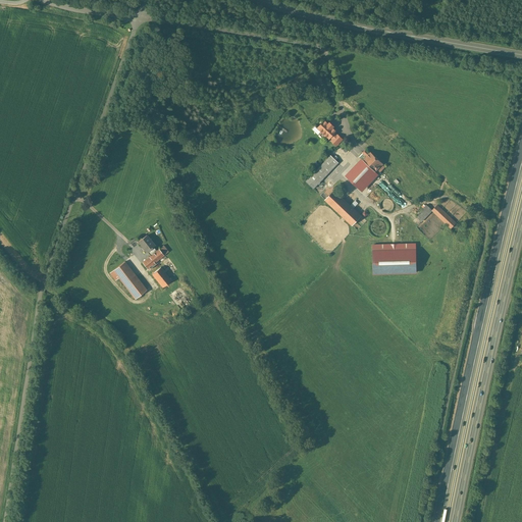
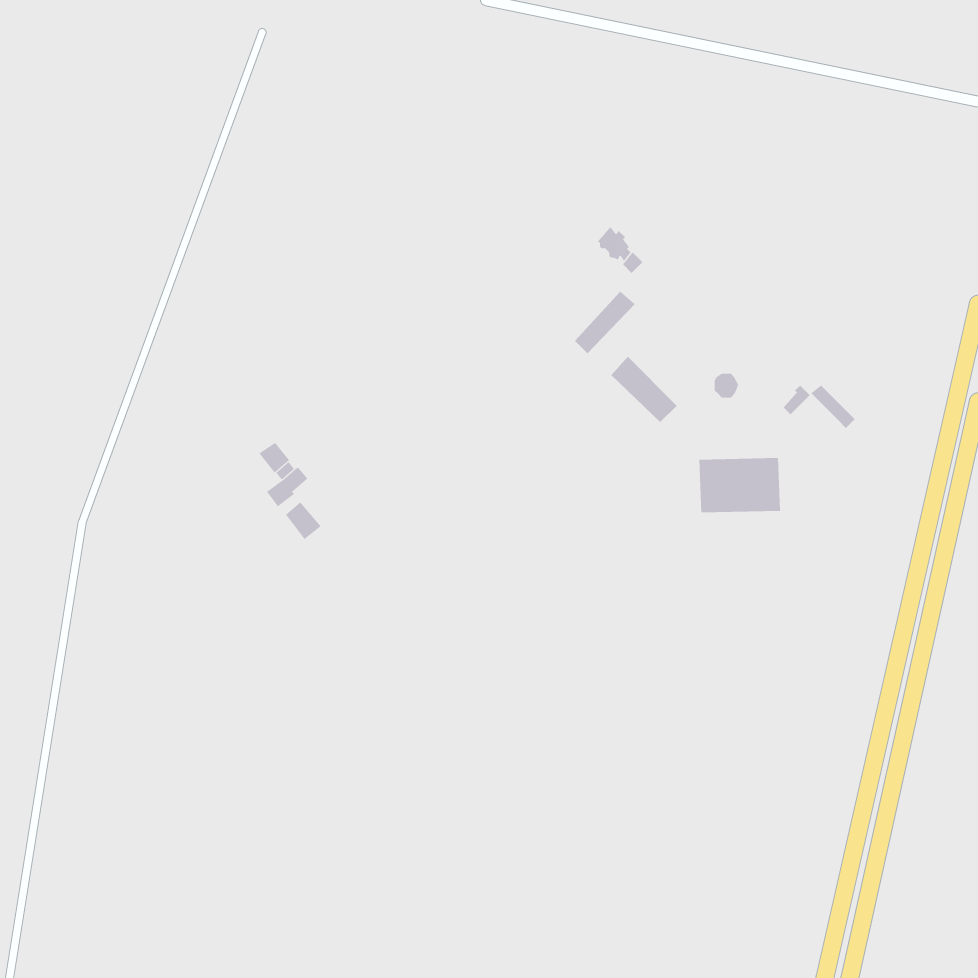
building: [348,149,385,188] -> none
building: [110,261,147,299] -> none

